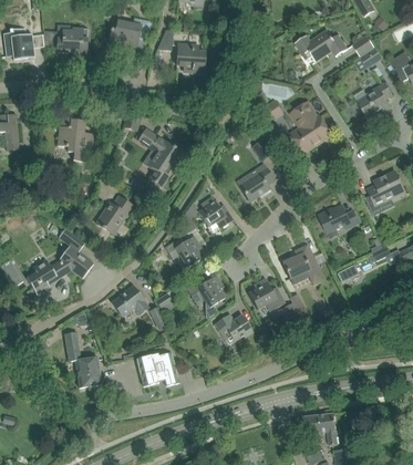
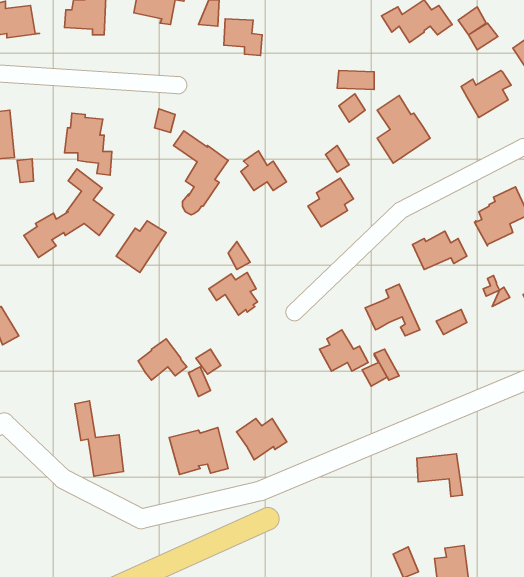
building: [198,196,233,226] -> [241,151,286,191]
building: [25,228,93,295] -> [24,169,114,257]
building: [186,275,225,307] -> none
building: [215,313,252,344] -> [237,418,287,460]
building: [303,413,338,445] -> [417,454,462,497]

